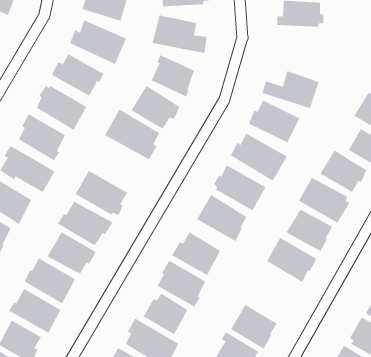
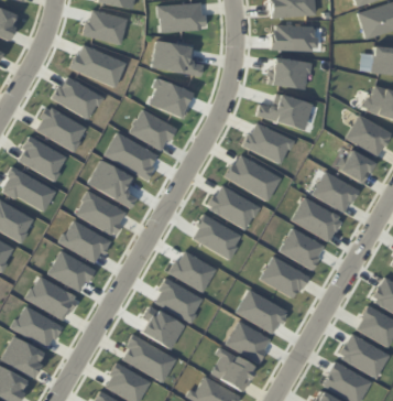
building: none -> [271,57,310,90]
building: none -> [87,160,139,209]
building: none -> [237,289,287,334]

